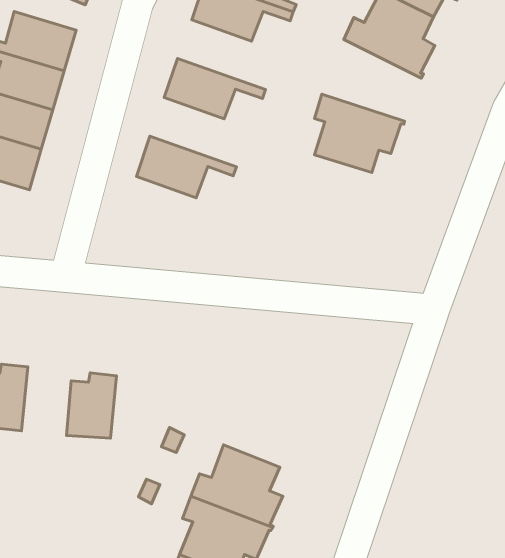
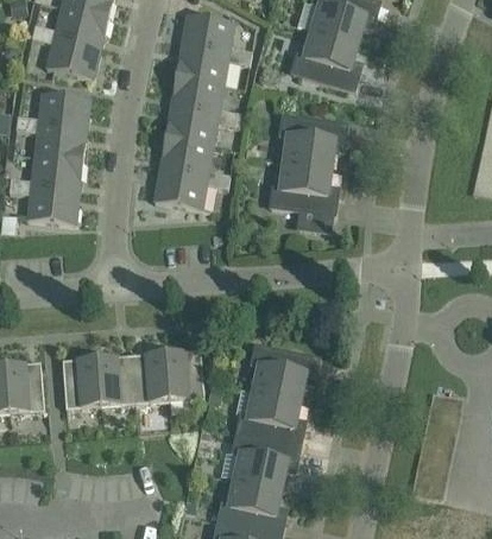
building: none -> [170,76,241,119]
building: none -> [159,138,229,180]
building: none -> [271,161,338,234]
building: none -> [97,356,135,406]
building: none -> [165,350,204,400]
building: none -> [252,344,320,400]

